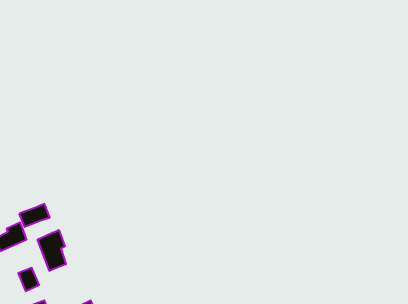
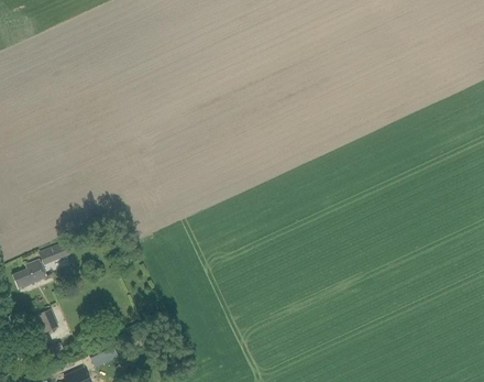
building: [38,230,66,271] -> none

